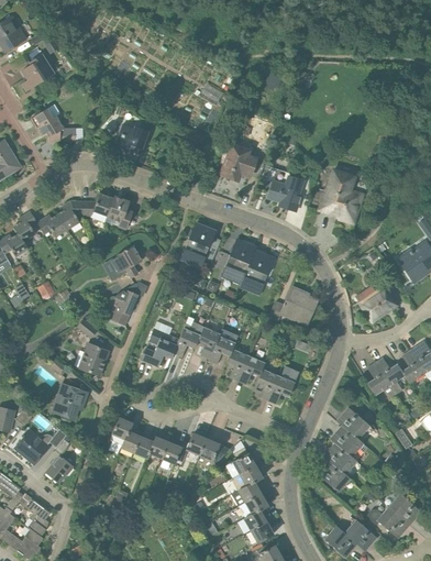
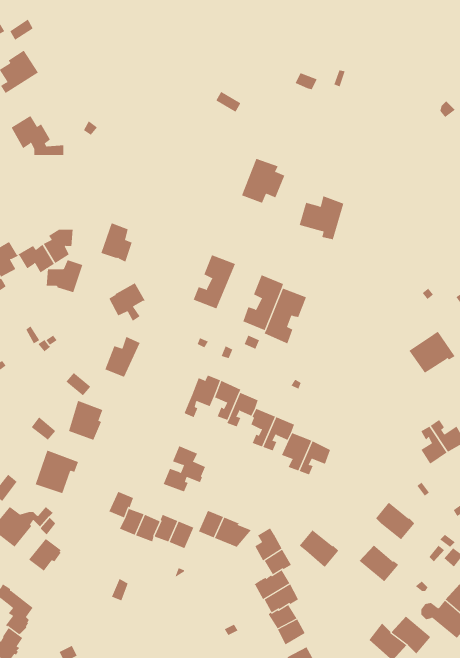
building: [115,124,150,152] -> none
building: [321,167,364,223] -> none
building: [82,194,113,221] -> [46,259,83,293]
building: [269,287,318,320] -> none
building: [142,328,177,366] -> [163,445,206,492]
building: [338,407,371,439] -> none
building: [324,443,357,474] -> [299,530,339,567]

